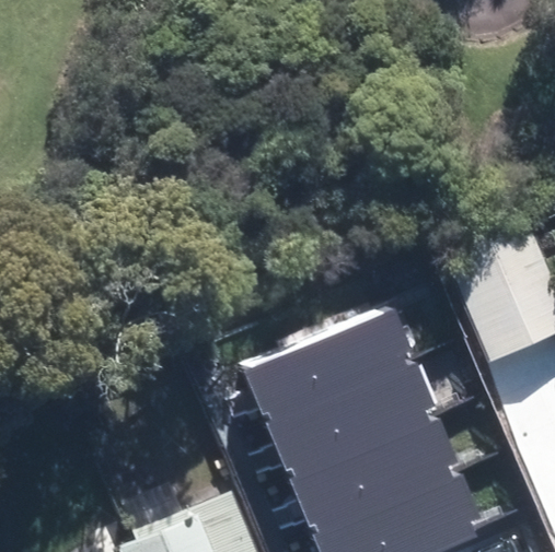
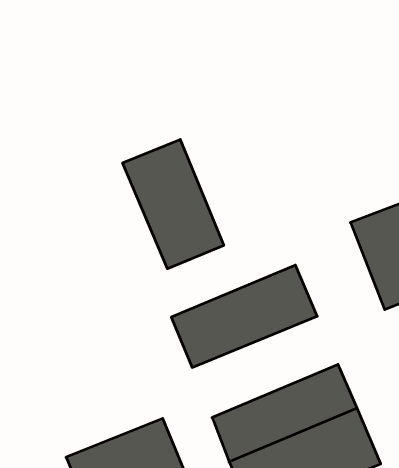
building: none -> [123,139,224,269]
building: [270,371,439,488] -> none

